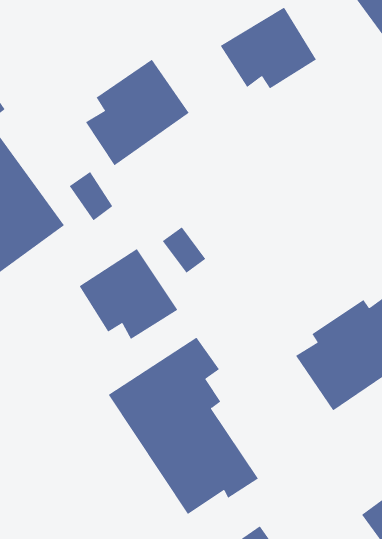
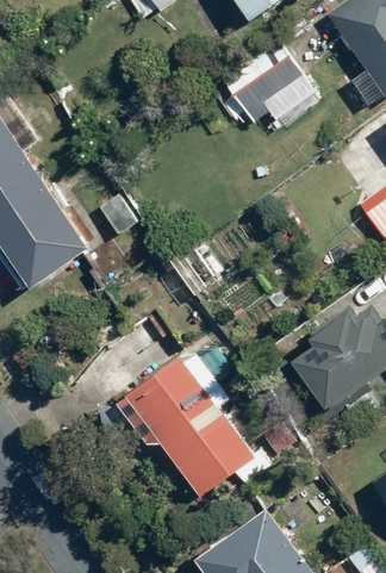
building: [85,59,190,166] -> none
building: [79,248,178,340] -> none

